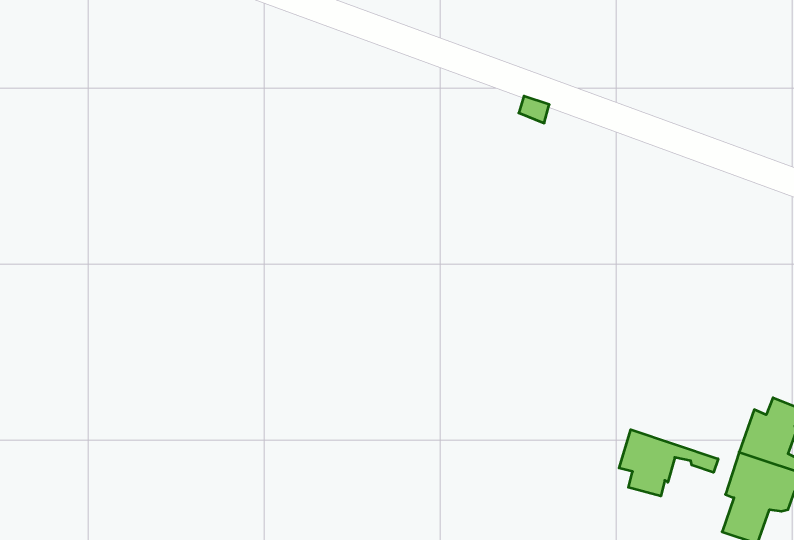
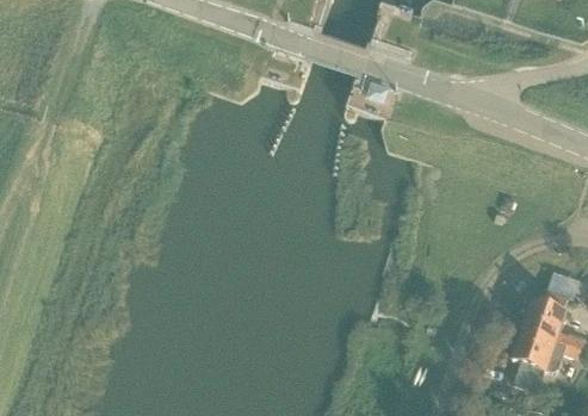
building: [619,430,718,496] -> none

